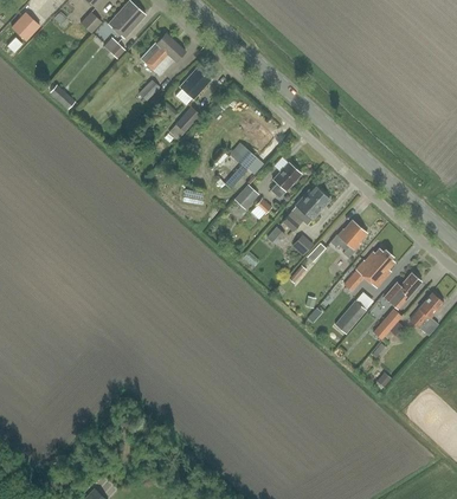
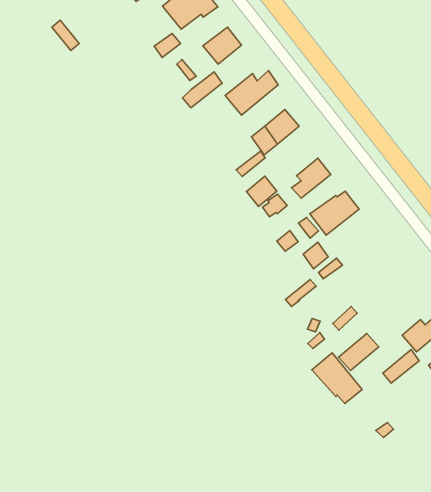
building: none -> [225,71,278,115]
building: [329,220,366,257] -> none
building: [358,250,394,286] -> none
building: none -> [312,353,362,404]

